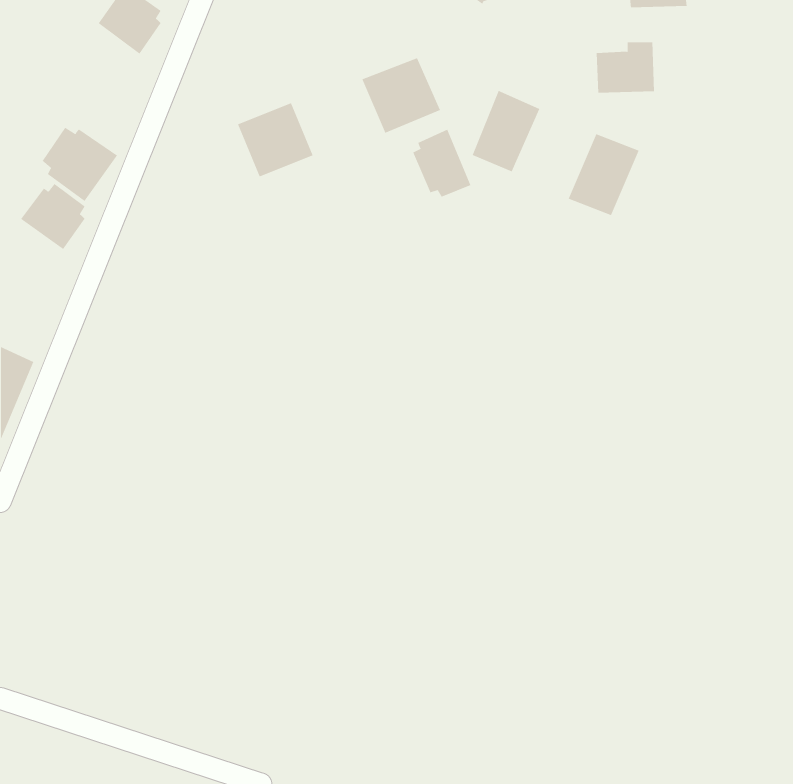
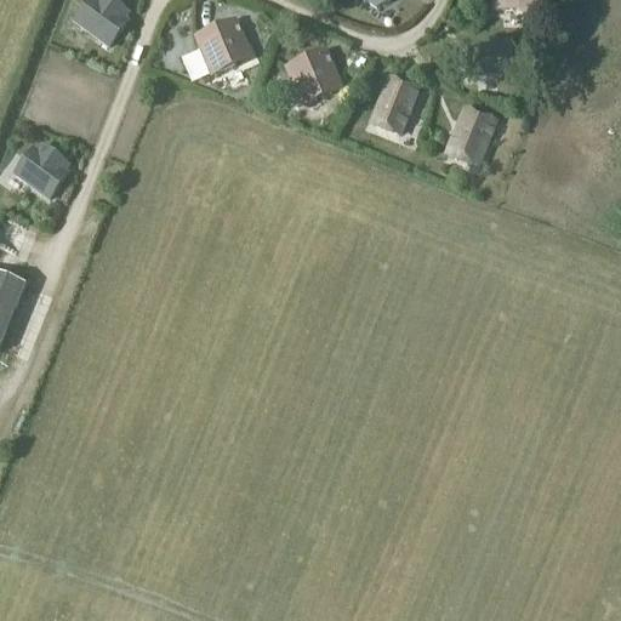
building: [237,103,313,177] -> [194,15,253,73]
building: [42,127,118,202] -> none
building: [412,129,471,197] -> none

